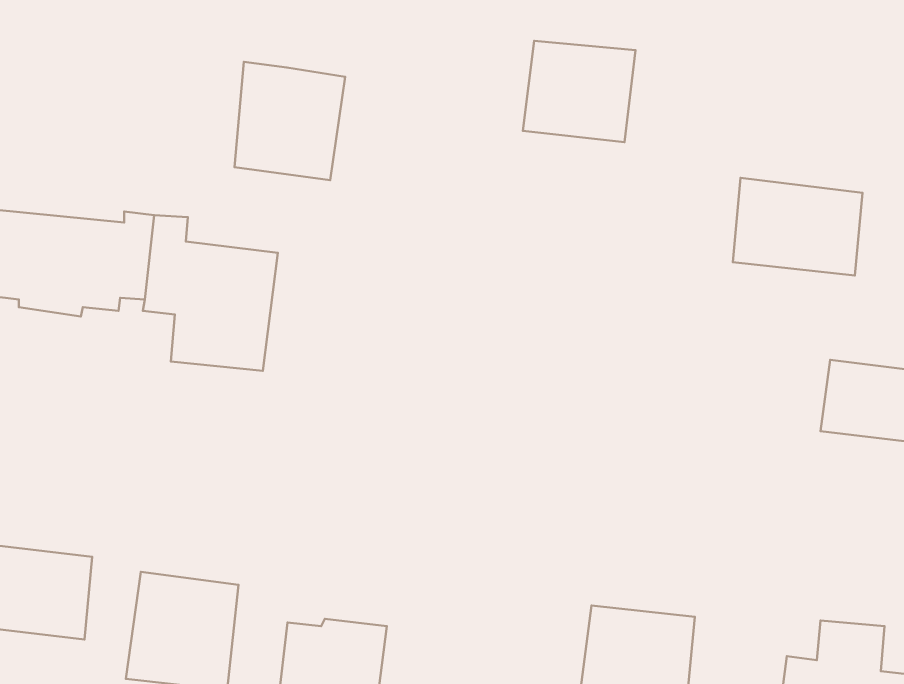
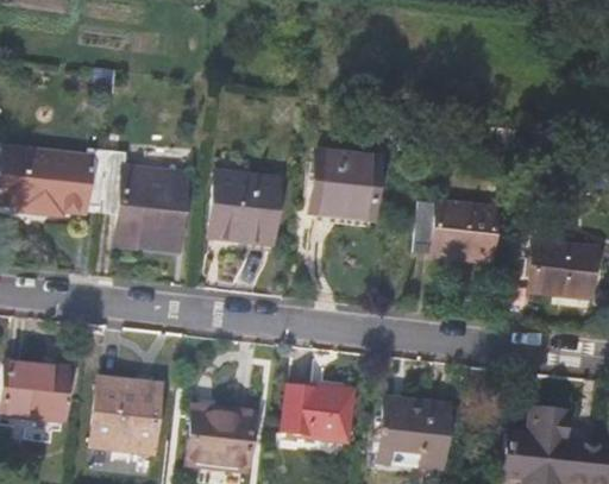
building: [523,41,636,142] -> [310,152,382,216]
building: [234,62,345,180] -> [211,169,281,244]
building: [733,178,862,275] -> [415,200,497,262]
building: none -> [284,383,353,436]

